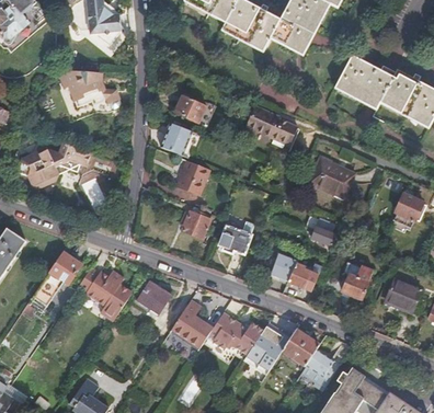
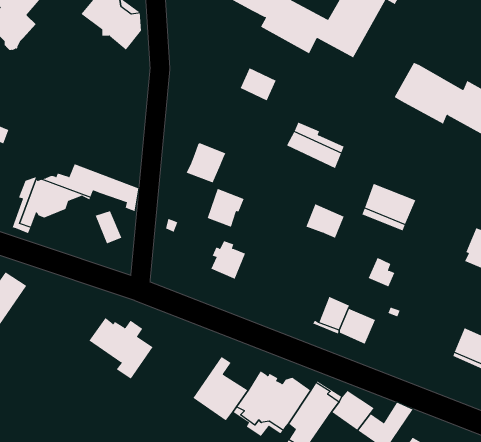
building: [60,67,121,105] -> none
building: [175,93,206,122] -> [240,67,276,101]
building: [221,223,254,253] -> [306,203,345,239]
building: [28,253,82,314] -> none
building: [334,259,374,298] -> none
building: [137,282,171,313] -> none

